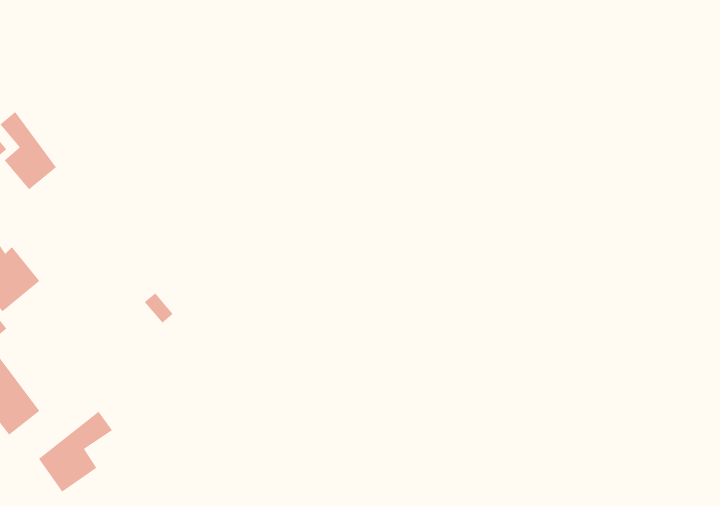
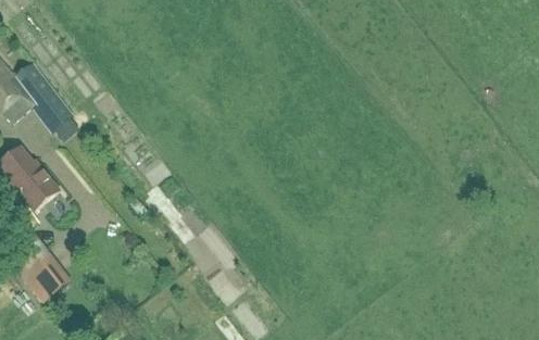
building: [38,411,113,492] -> none

